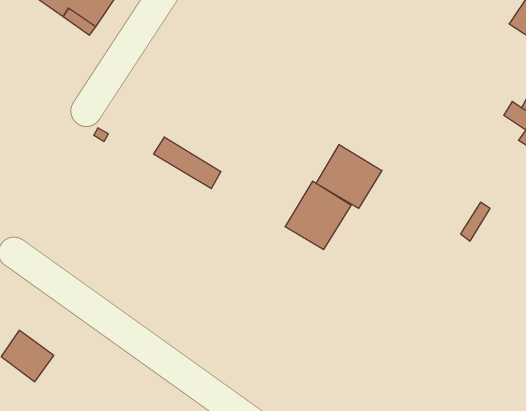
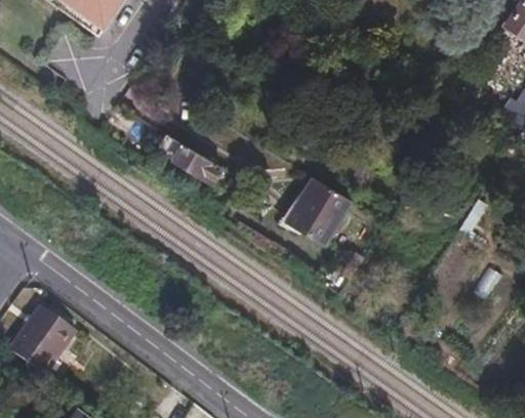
building: [316,145,382,208] -> none
building: none -> [29,305,76,347]

